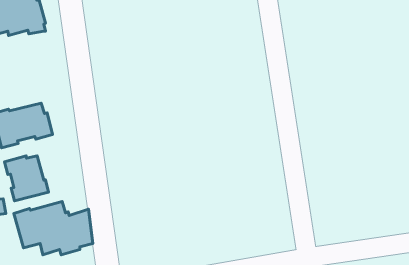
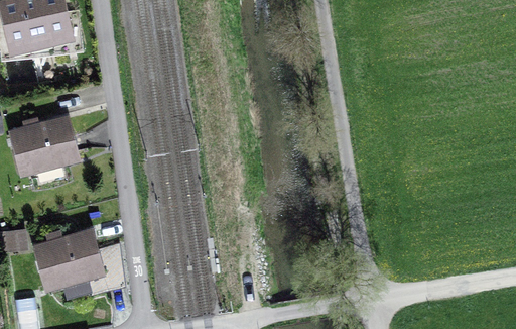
building: [5,156,48,201] -> none

